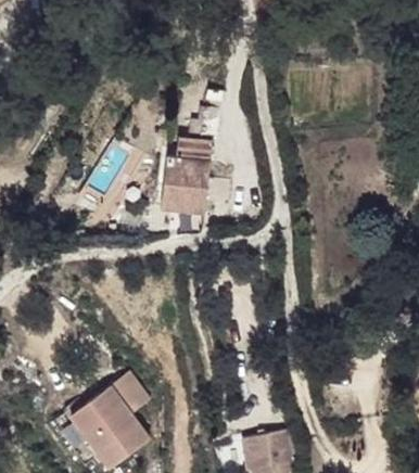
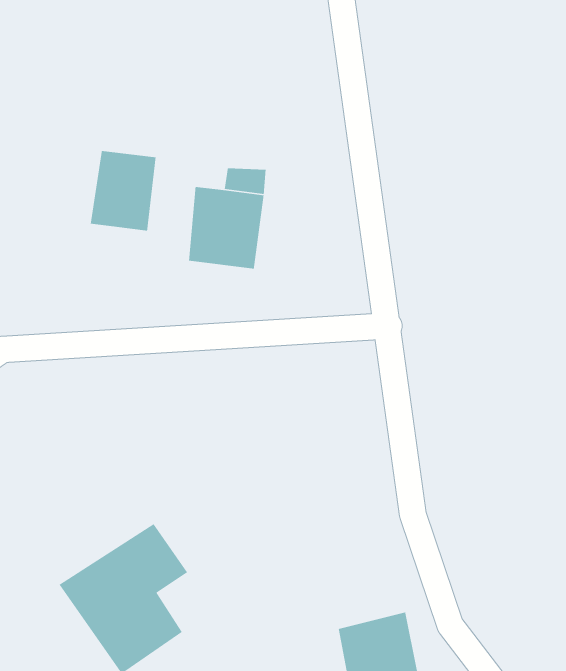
building: none -> [90,150,156,232]

